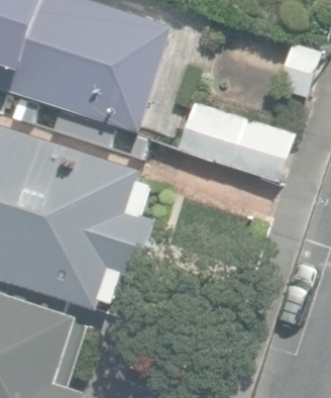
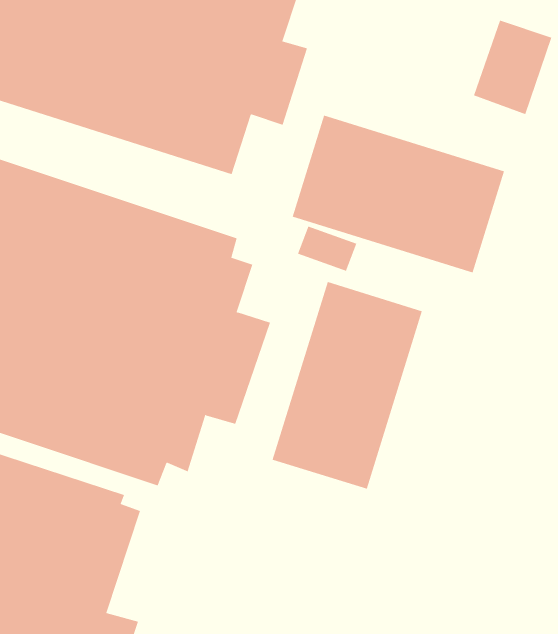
building: none -> [272,281,423,490]

